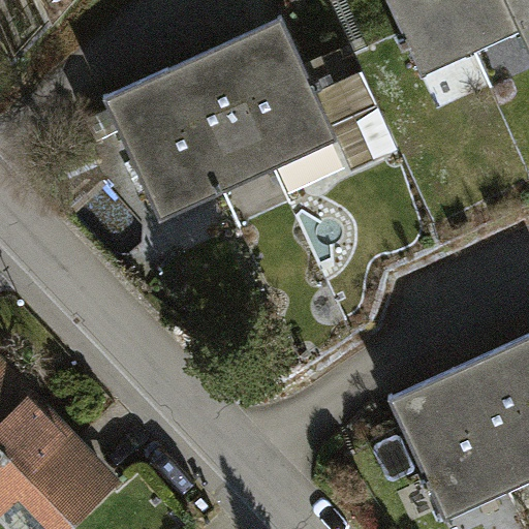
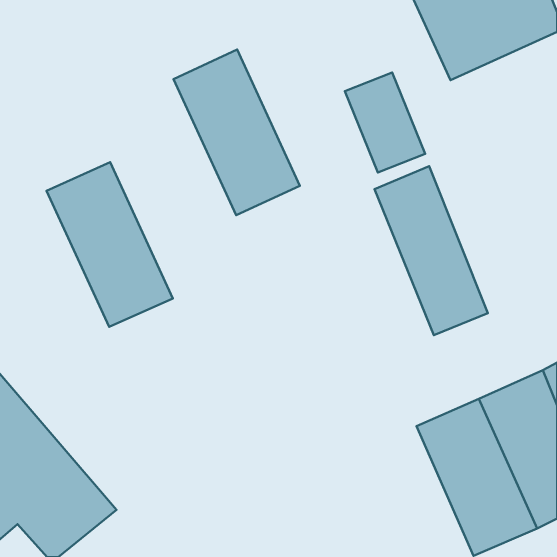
building: [223,19,343,175] -> none
building: [103,74,222,229] -> [46,162,173,327]
building: none -> [374,166,488,335]

